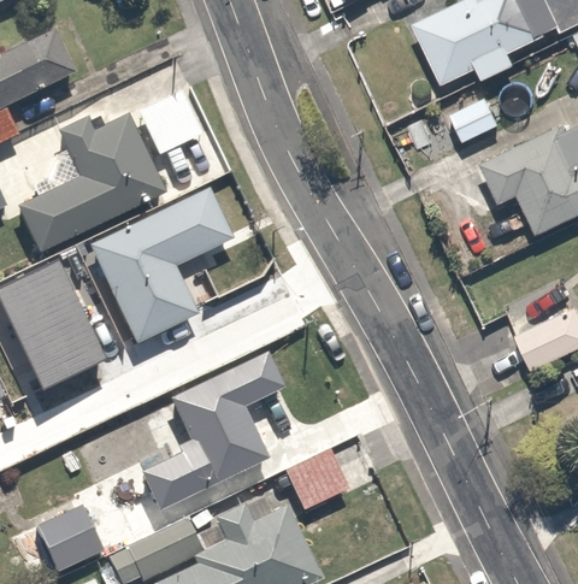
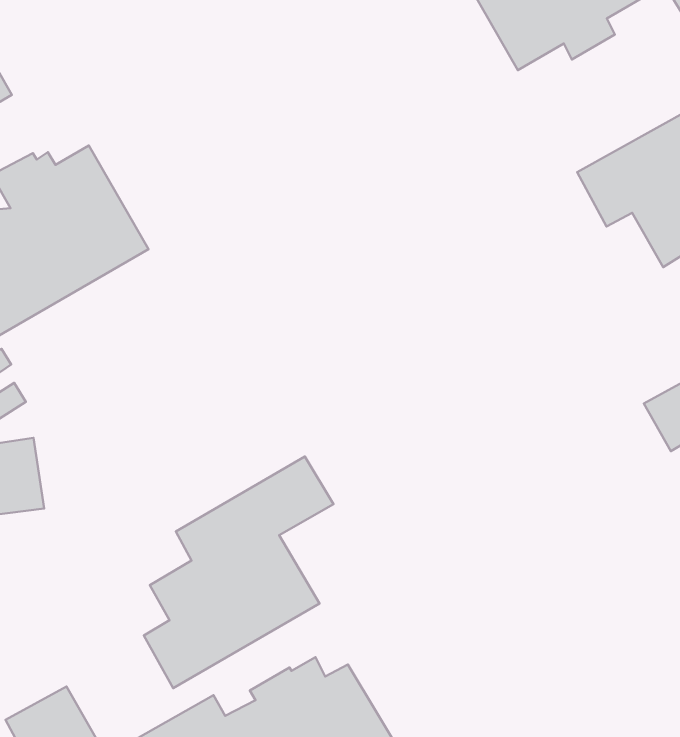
building: [83,188,234,348] -> none
building: [284,449,349,511] -> none

